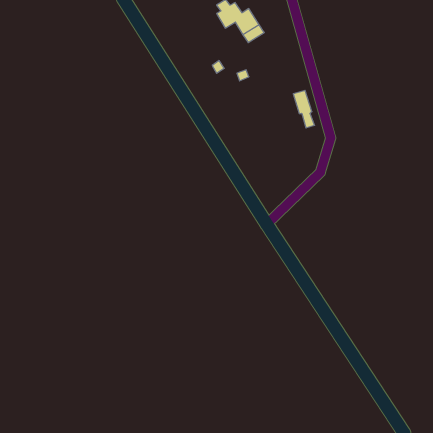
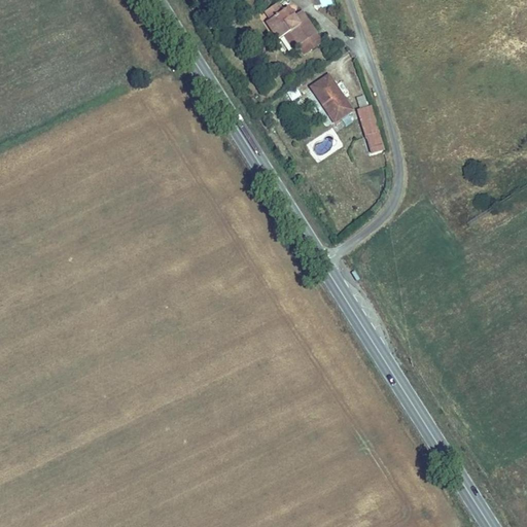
building: none -> [314,77,352,121]

